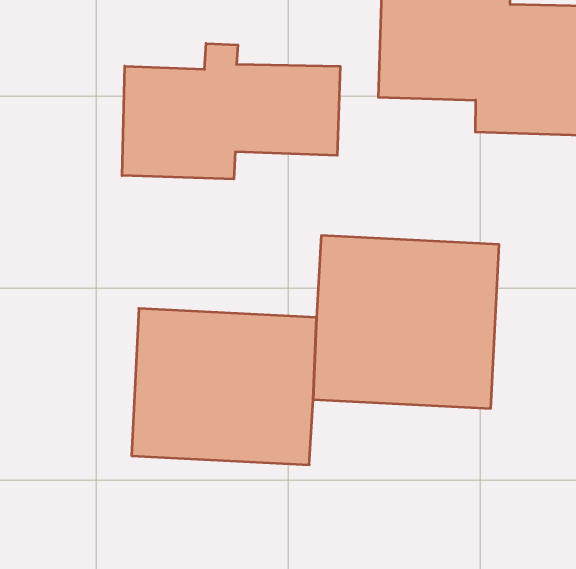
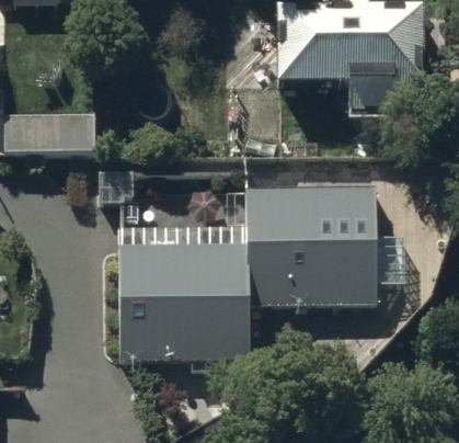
building: [122,43,340,179] -> none

